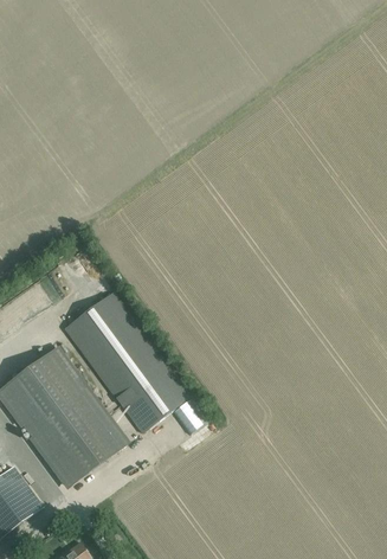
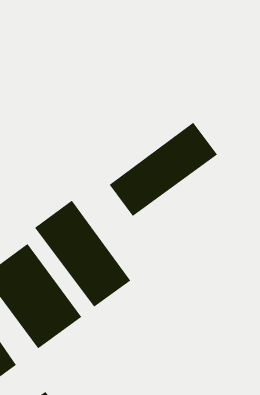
building: none -> [109,122,218,217]

